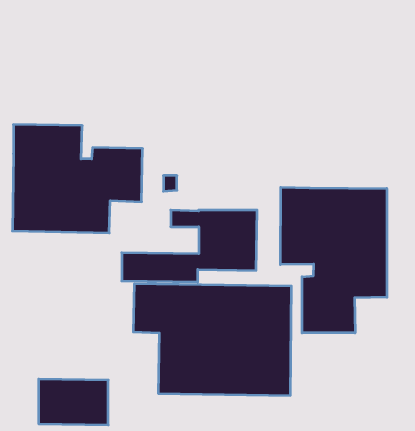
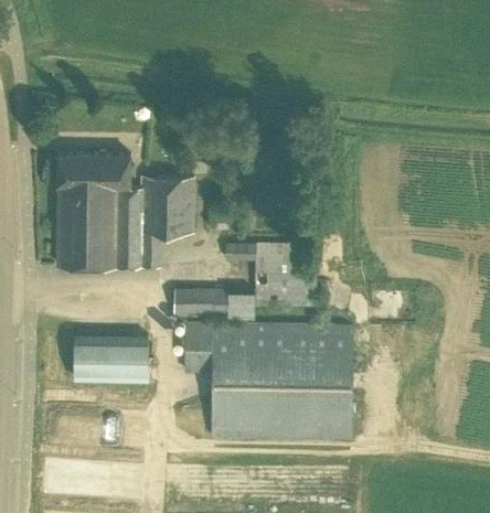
building: [280,187,387,333] -> none
building: [39,379,108,425] -> [74,335,148,384]

